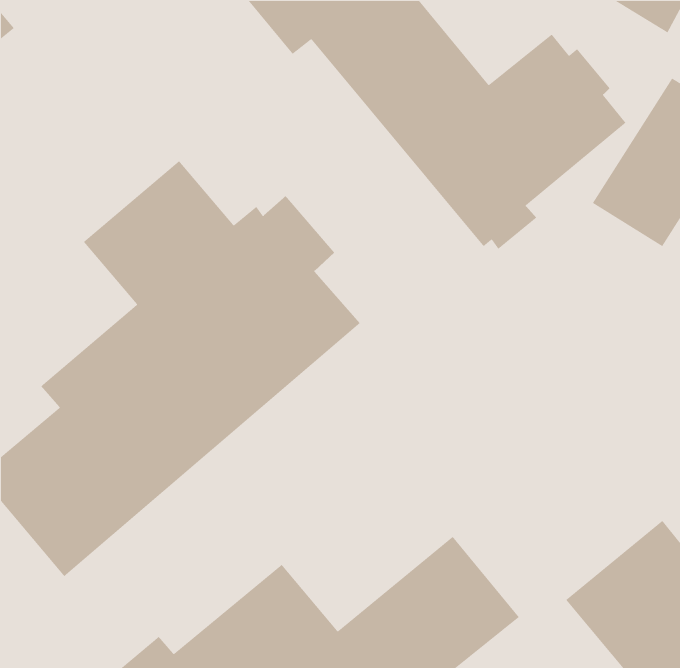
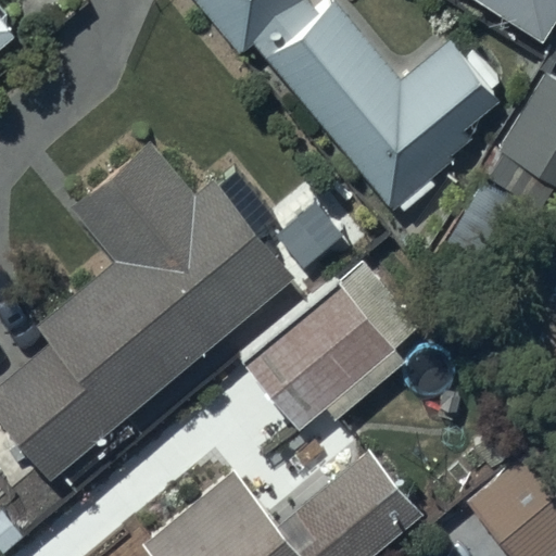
building: none -> [241,263,417,433]

